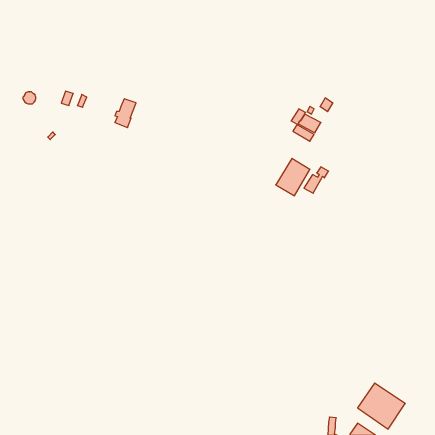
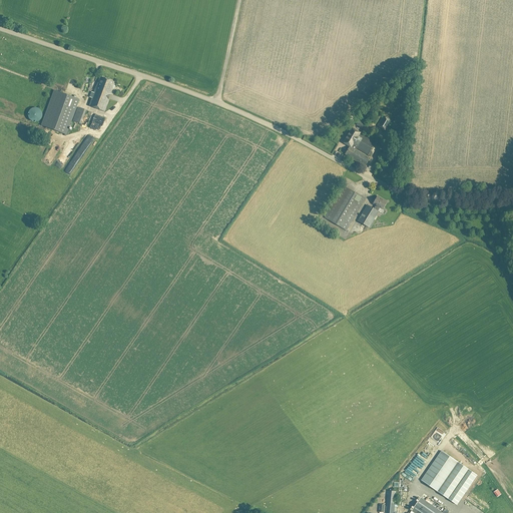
building: none -> [42,91,78,134]
building: [115,99,136,128] -> [89,77,114,111]

